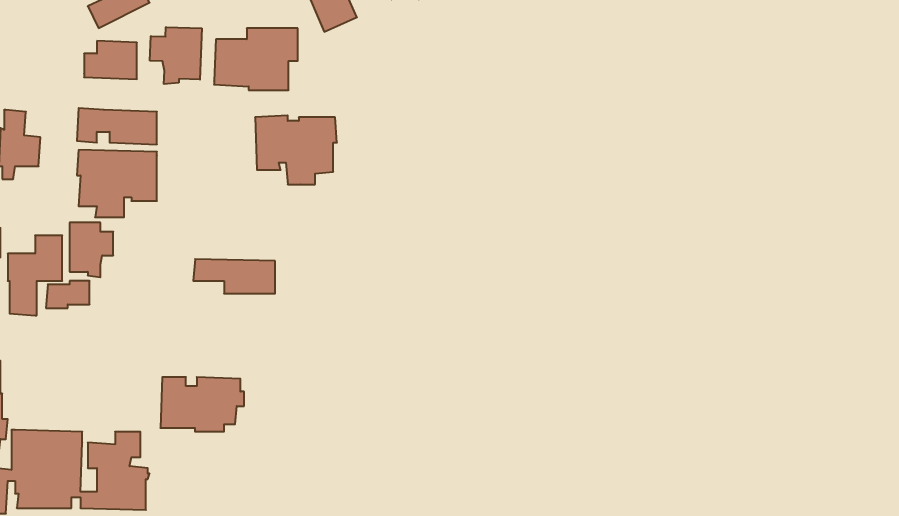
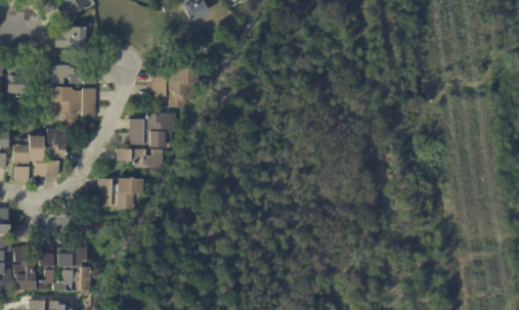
building: [150,27,202,84] -> none
building: [214,28,298,90] -> [129,113,176,147]
building: [160,377,244,432] -> [97,177,144,208]

